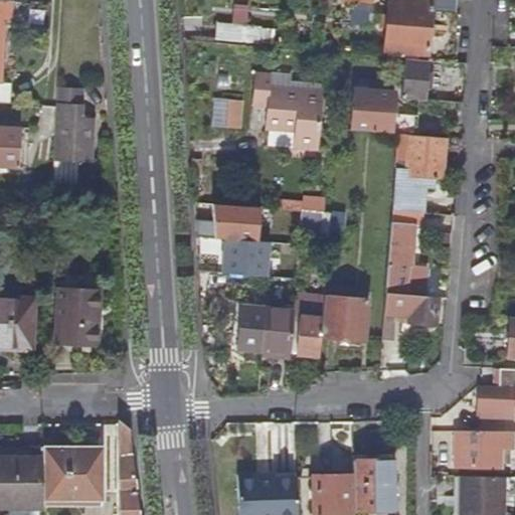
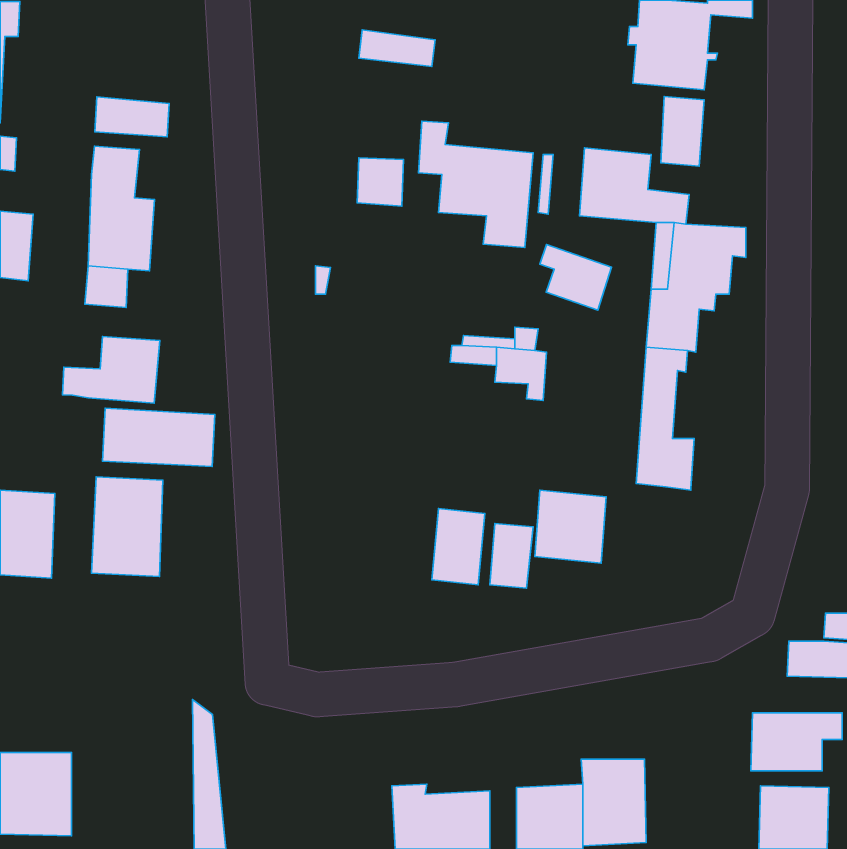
building: none -> [95,97,169,137]
building: none -> [540,245,611,310]
building: [201,200,275,274] -> none
building: none -> [62,337,160,403]
building: none -> [103,408,215,466]
building: [383,293,439,341] -> none
building: [236,306,267,351] -> none
building: [44,450,103,500] -> none

